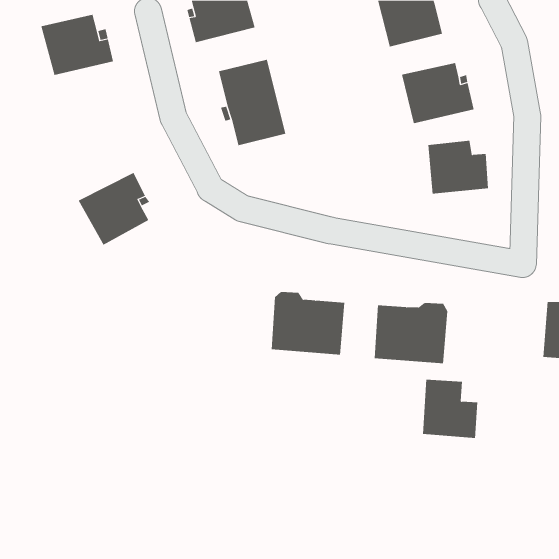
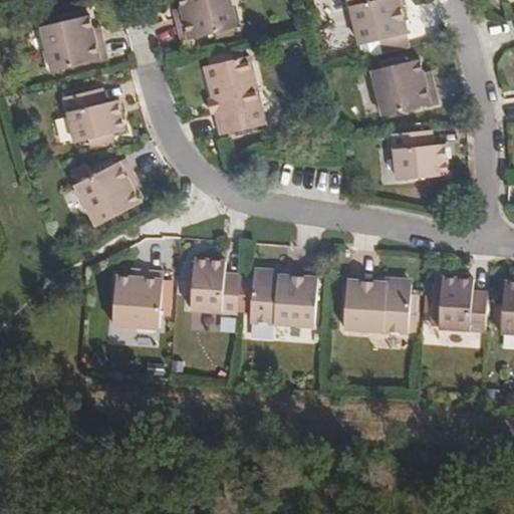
building: none -> [61,87,122,144]
building: none -> [189,258,239,311]
building: none -> [112,271,163,328]
building: [422,379,478,438] -> [436,273,487,327]

